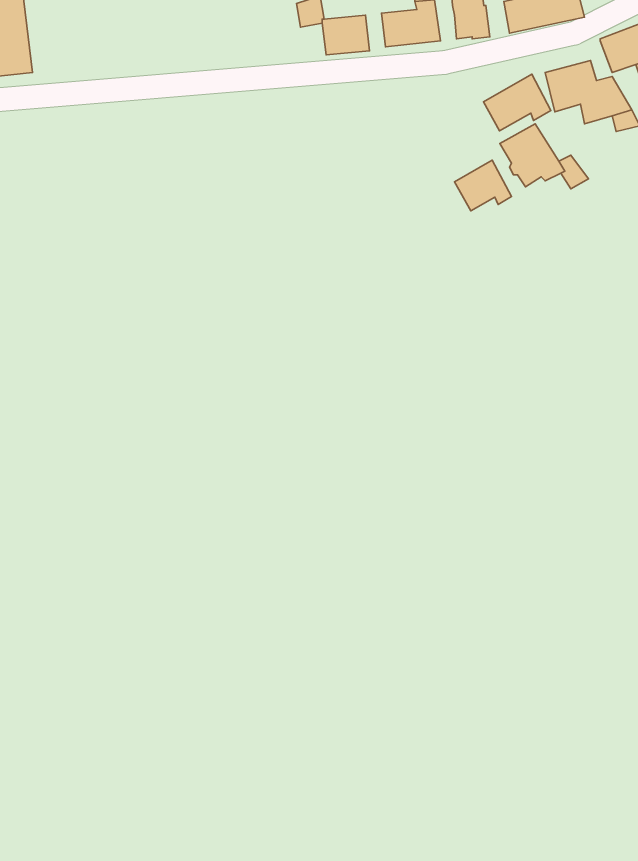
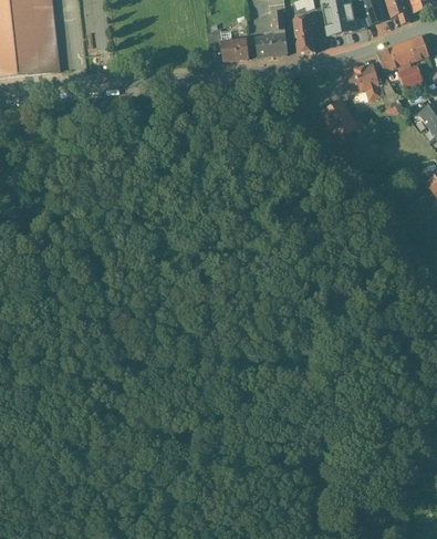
building: [483,74,551,131] -> none
building: [455,160,511,211] -> none

